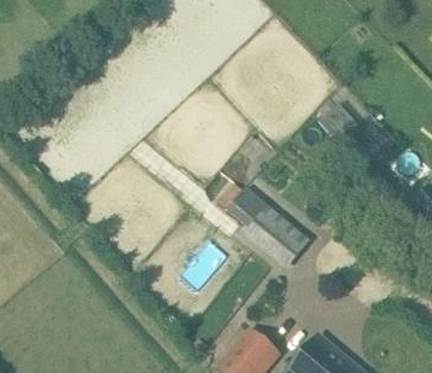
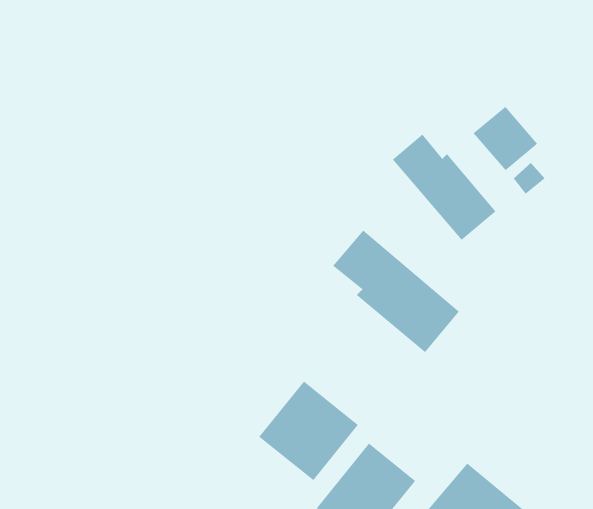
building: none -> [392,133,497,241]
building: none -> [258,380,359,481]

